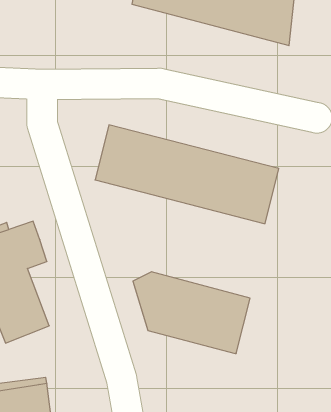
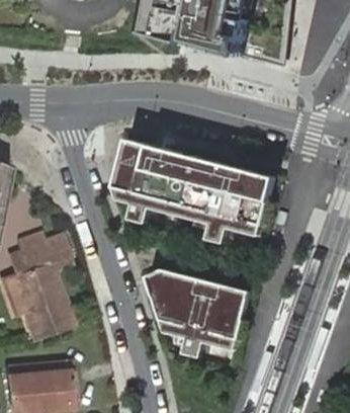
building: none -> [112,185,261,244]
building: none -> [159,318,236,355]

